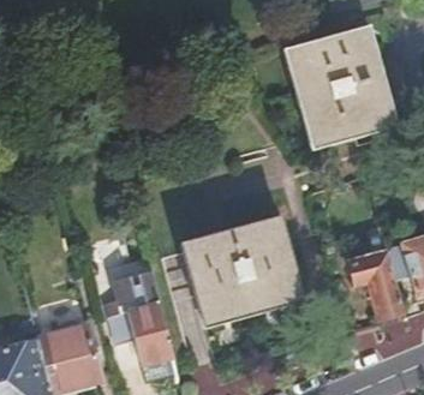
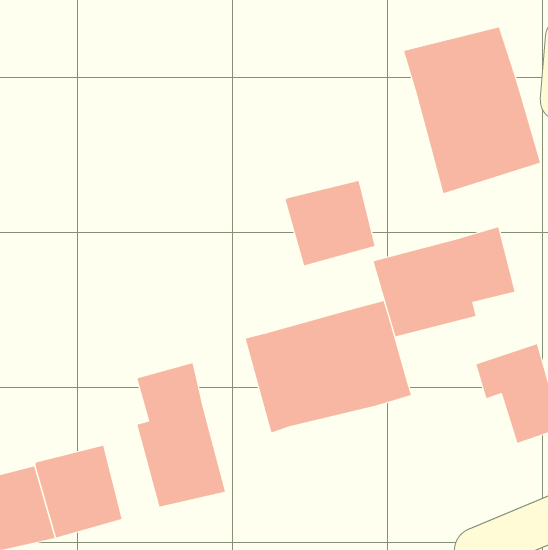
building: none -> [285,180,375,266]
building: none -> [373,226,515,337]

